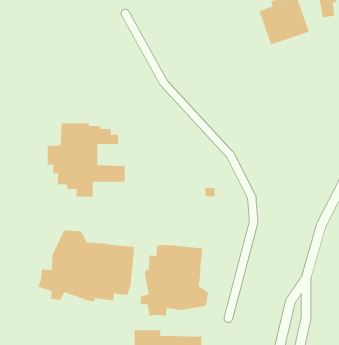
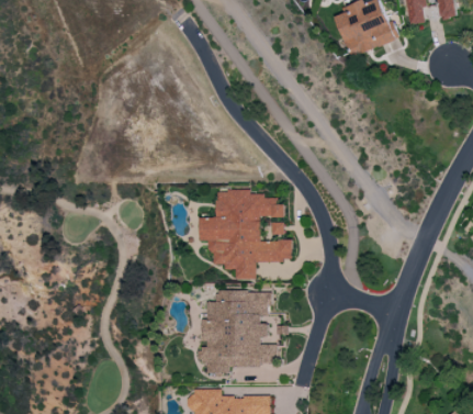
building: [47,122,125,197] -> [200,190,292,278]
building: [37,229,135,302] -> none

